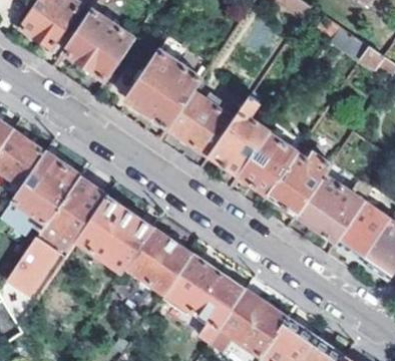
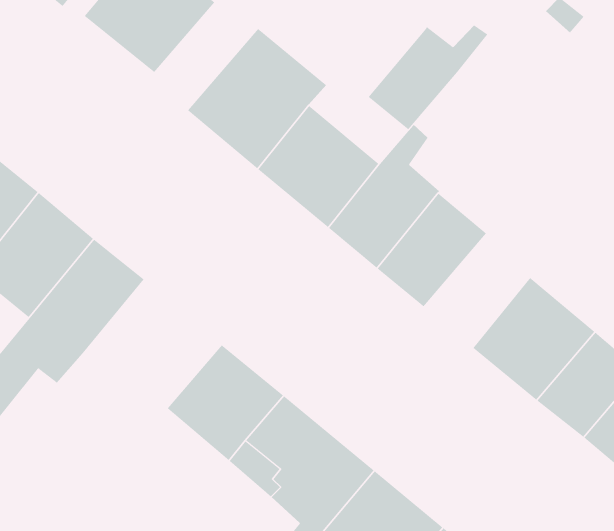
building: none -> [368,24,488,130]
building: [265,151,329,216] -> none
building: [78,195,154,270] -> none

